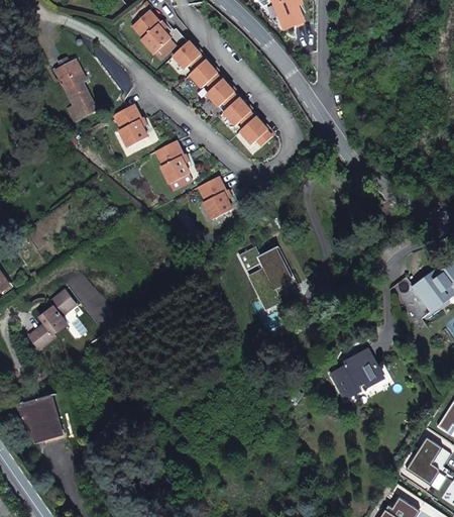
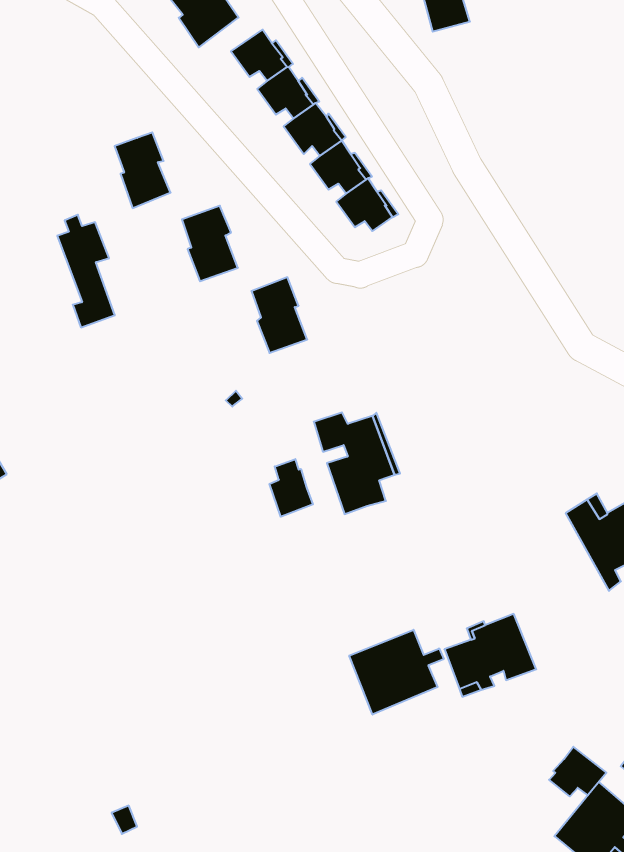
building: [54,59,92,121] -> [57,215,115,327]
building: none -> [269,459,313,517]
building: none -> [349,630,444,715]
building: none -> [549,747,606,796]

